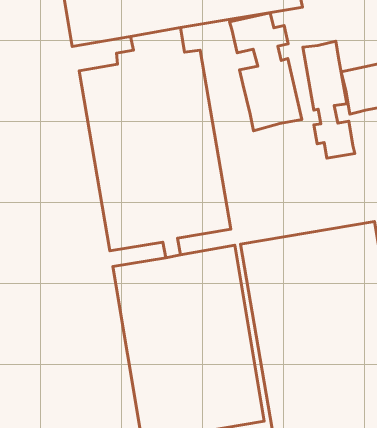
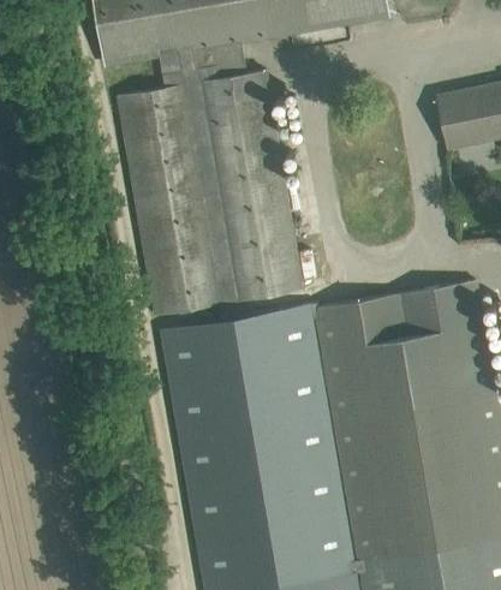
building: [229,13,302,131] -> none
building: [303,41,355,158] -> none

